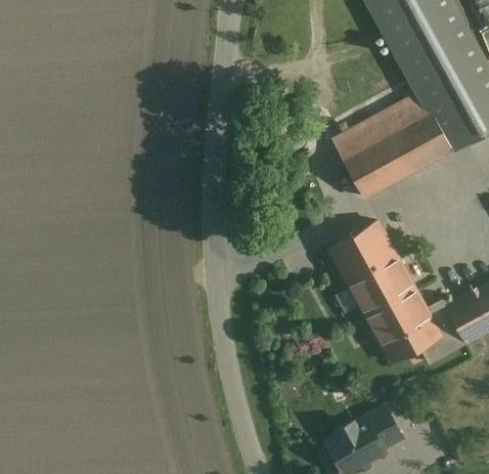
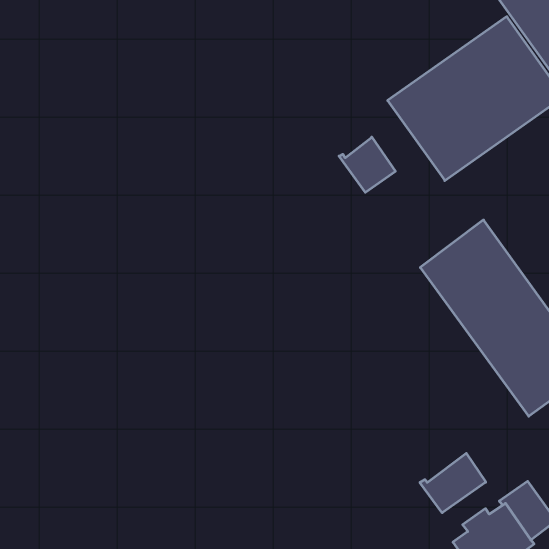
building: none -> [339,137,395,192]
building: none -> [420,453,486,513]

